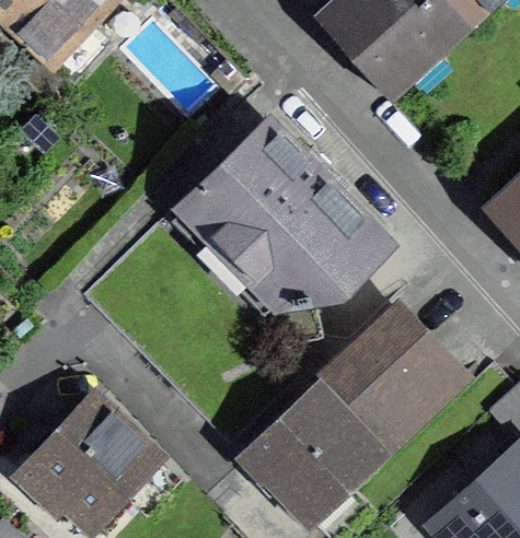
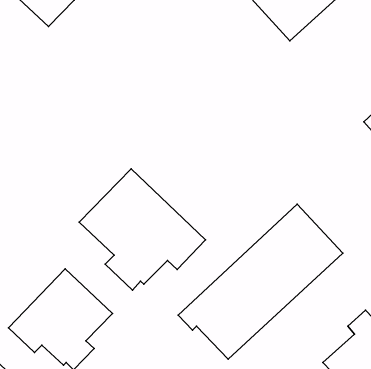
building: [187,127,381,296] -> none
building: none -> [79,169,205,290]

